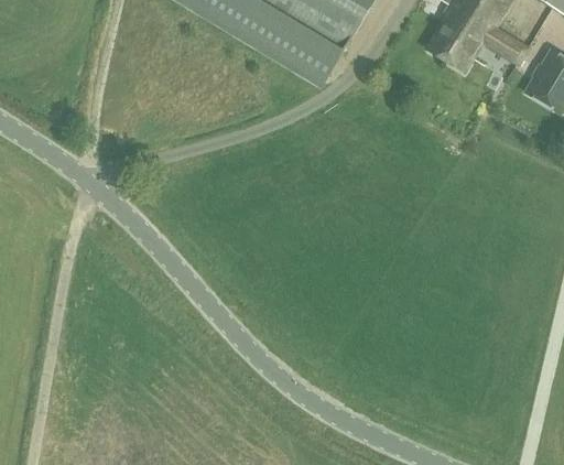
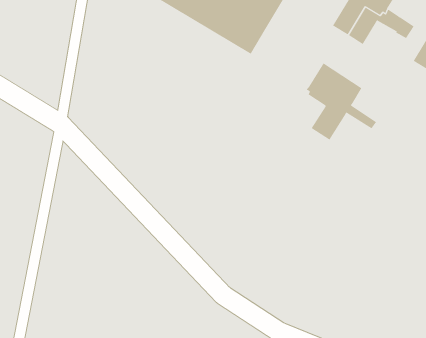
building: none -> [306,63,377,140]

